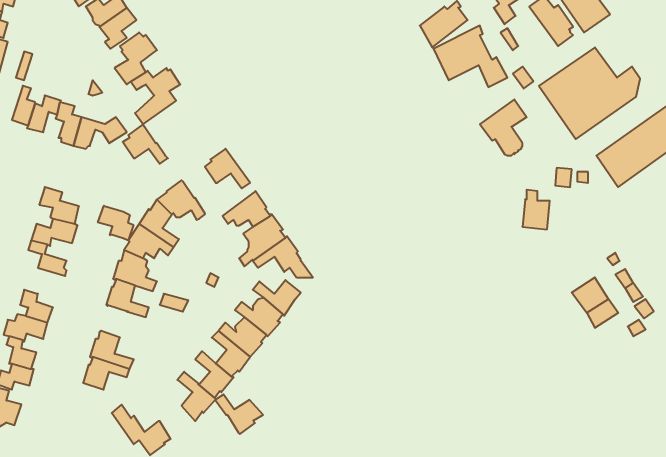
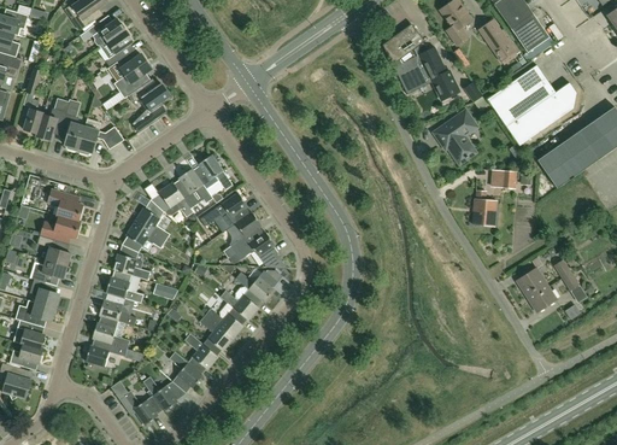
building: [123,124,168,164] -> [174,168,213,203]
building: [98,206,133,240] -> none
building: none -> [30,259,70,282]
building: none -> [99,292,136,326]
building: [215,394,263,434] -> [142,376,184,411]

